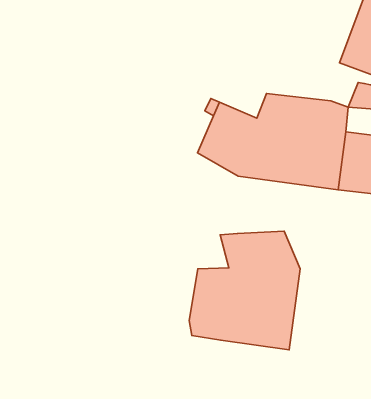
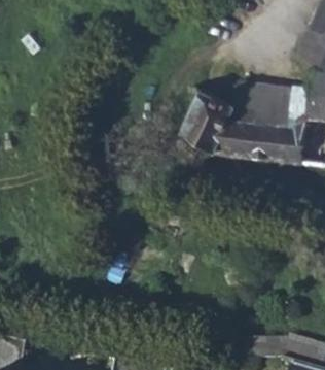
building: [189,231,300,350] -> none

